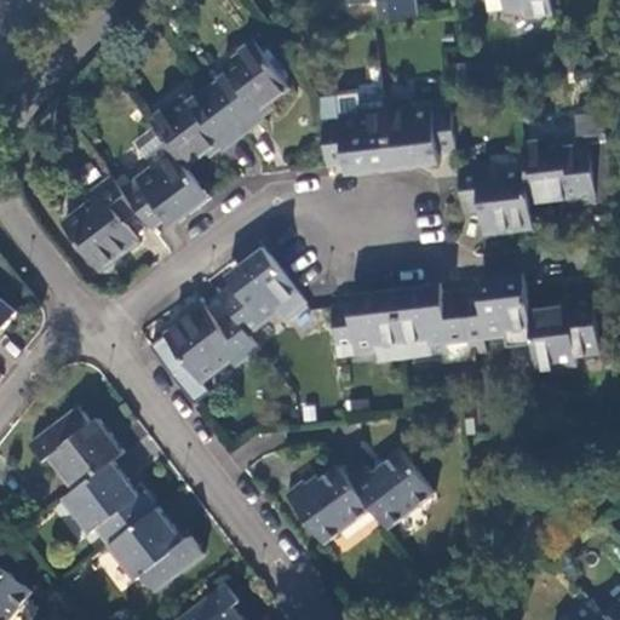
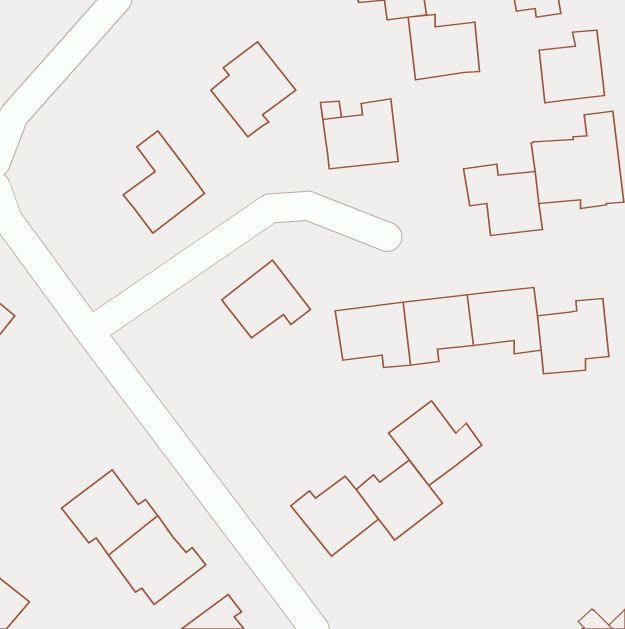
building: none -> [539,30,604,103]
building: [149,88,243,168] -> none
building: [384,94,454,159] -> [408,15,480,80]
building: [62,176,137,269] -> none
building: [165,298,258,381] -> none
building: none -> [389,401,482,485]
building: [27,407,121,490] -> none

